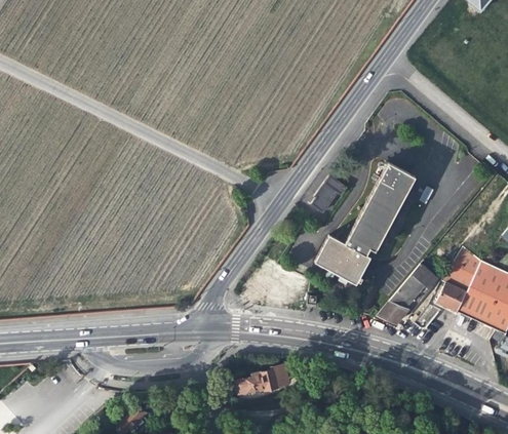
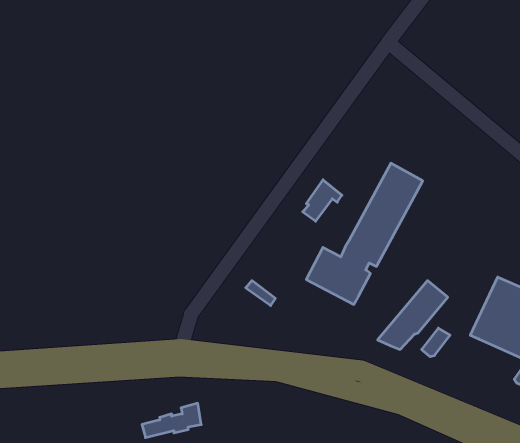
building: [435,246,480,314] -> none
building: [237,365,288,395] -> [142,403,201,438]

